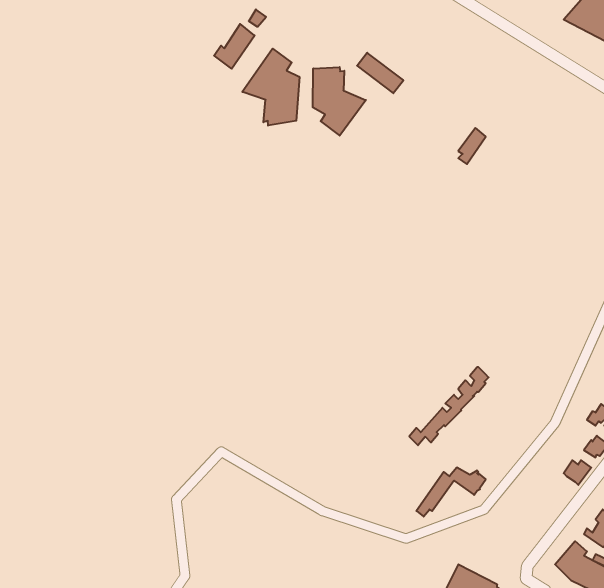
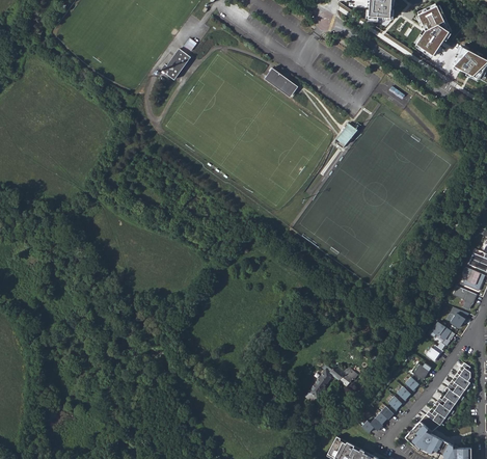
building: [242,49,299,126] -> none
building: [313,67,366,136] -> none
building: [409,367,489,445] -> [361,376,418,432]

